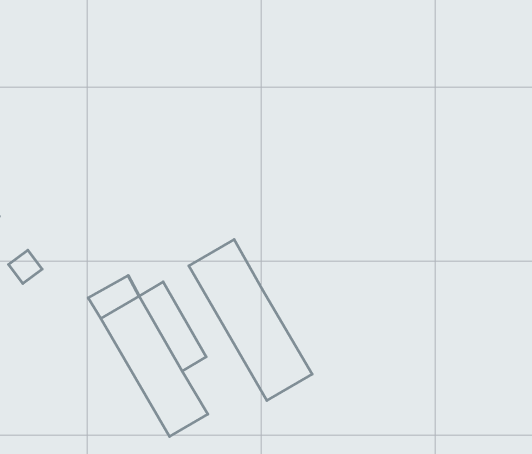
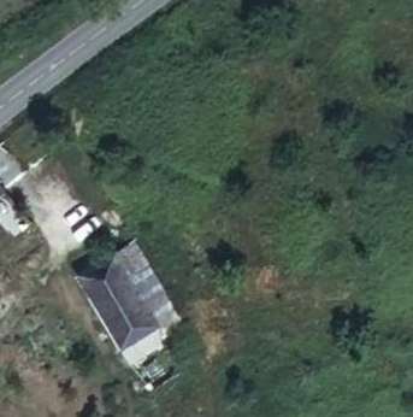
building: [189,240,312,400] -> none

